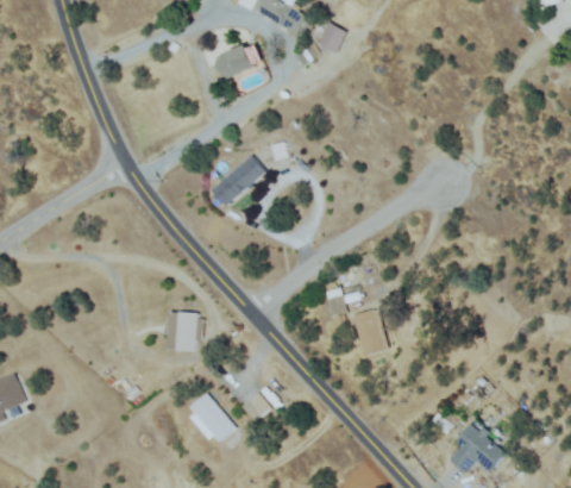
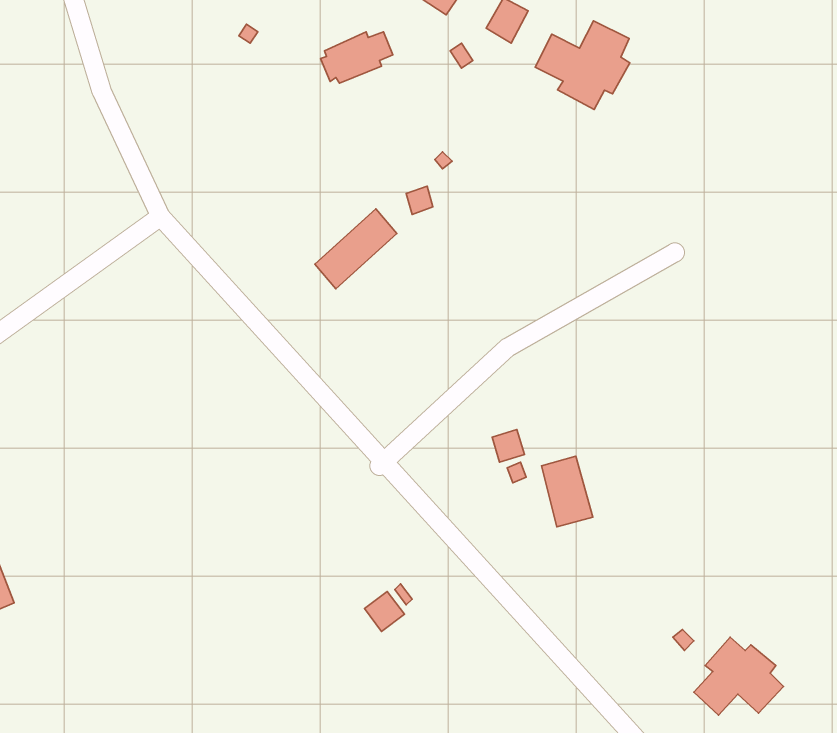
building: none -> [535,21,630,110]
building: [169,311,203,351] -> none
building: [189,394,237,445] -> none

